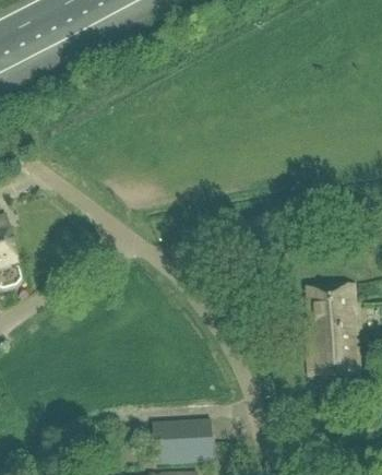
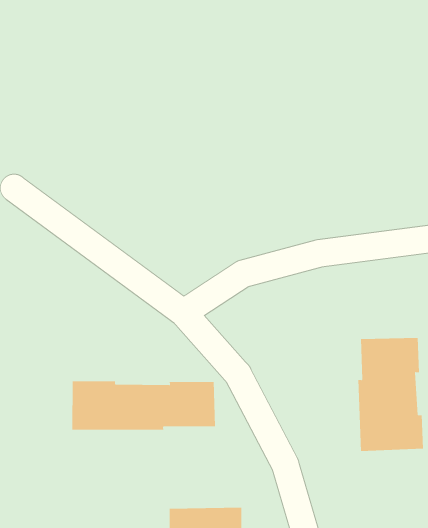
building: none -> [72,381,216,430]

